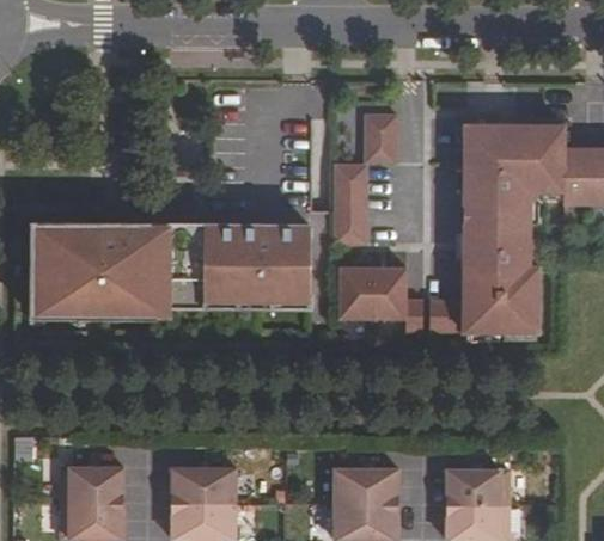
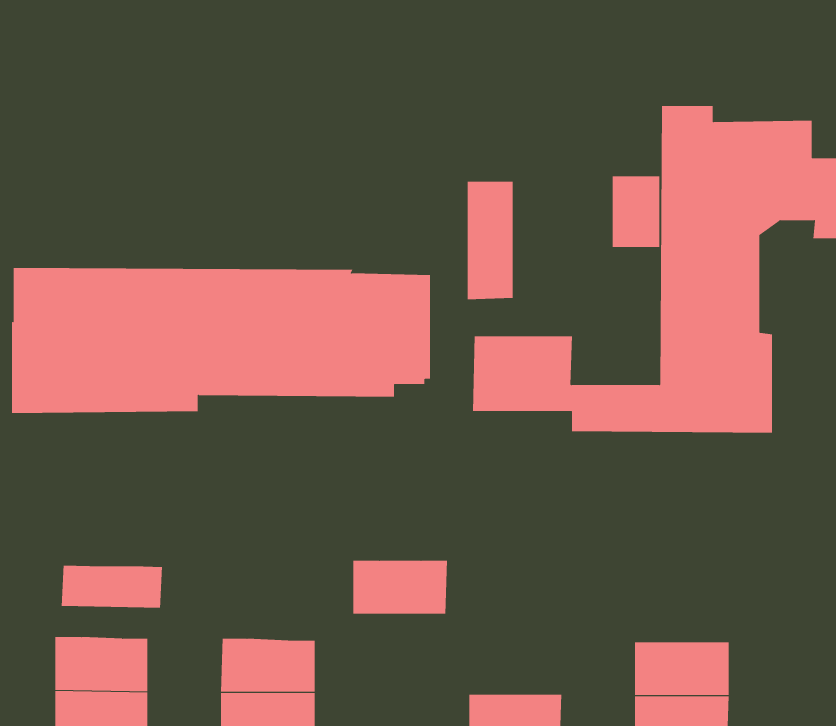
building: [365,115,397,162] -> [612,176,660,248]
building: none -> [61,565,162,608]
building: [336,469,399,505] -> [352,560,448,614]

